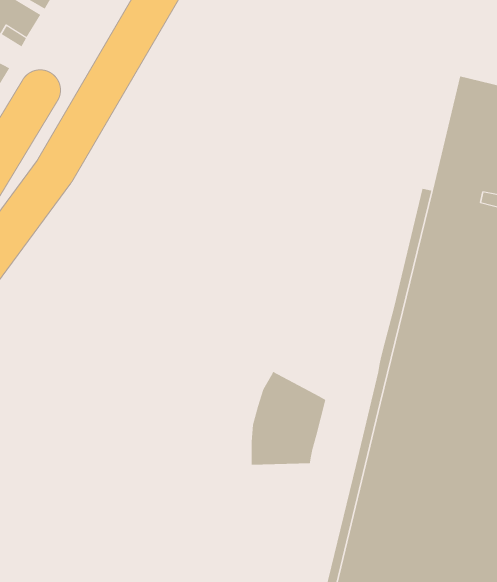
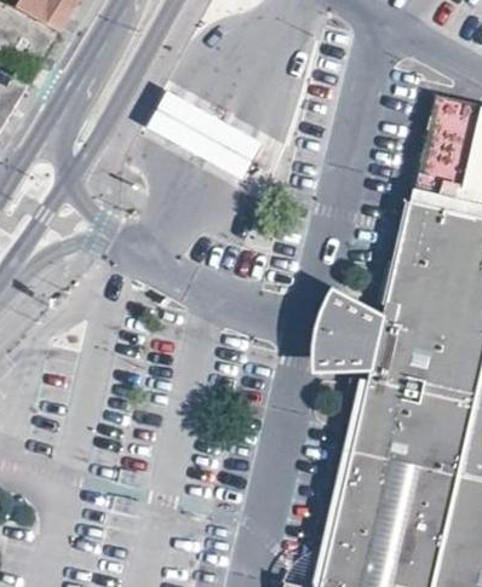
building: none -> [149,99,257,180]
building: [251,371,326,465] -> [311,283,381,370]

